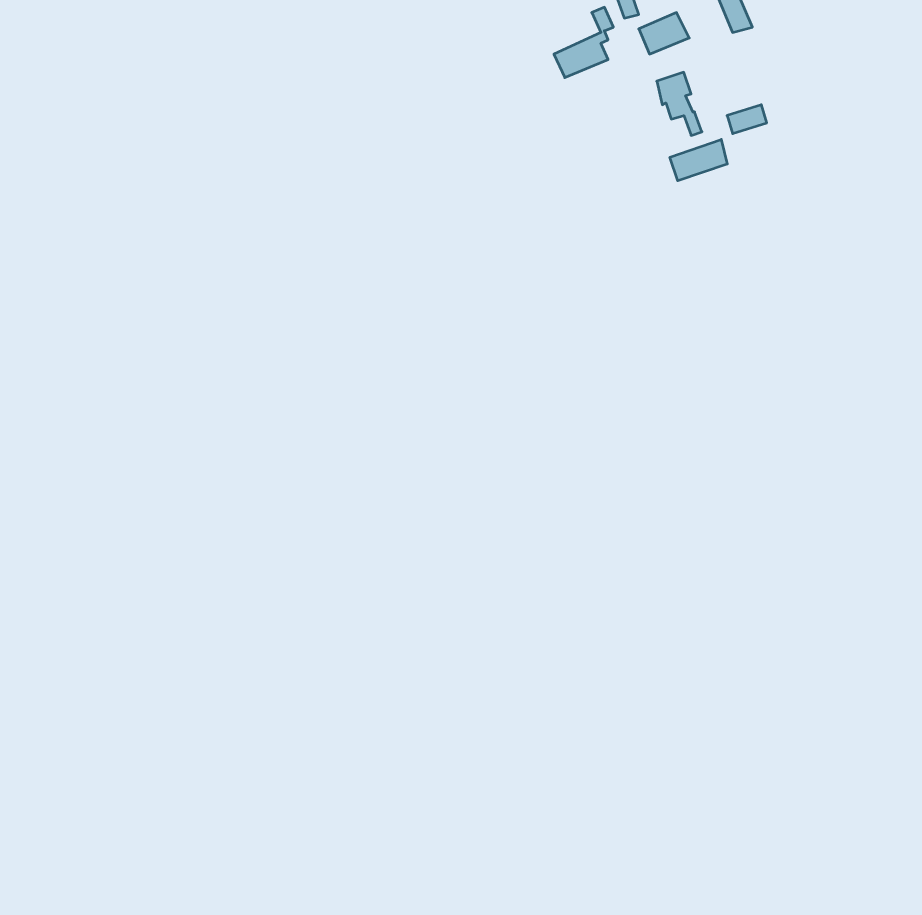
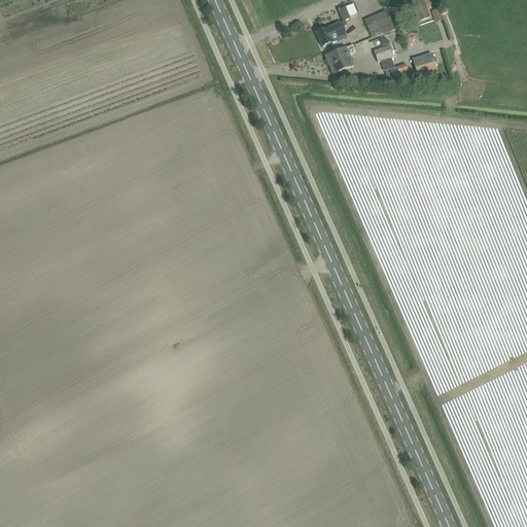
building: none -> [326,42,356,71]
building: [670,139,727,181] -> none

